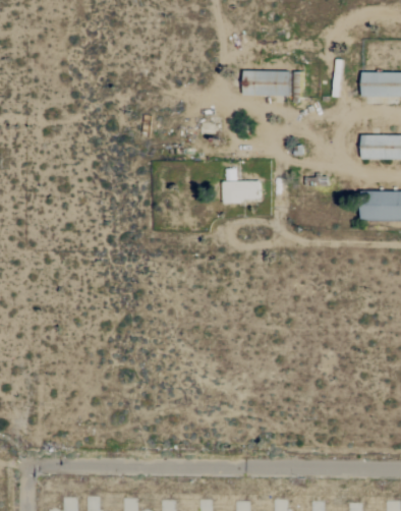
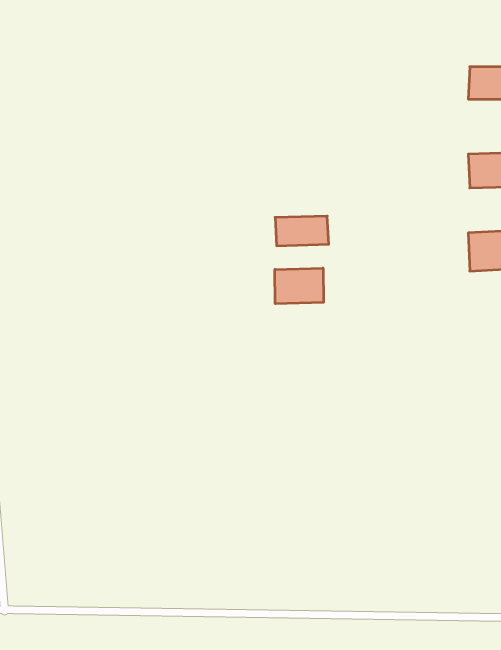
building: [243,70,291,96] -> none
building: none -> [275,268,323,304]

